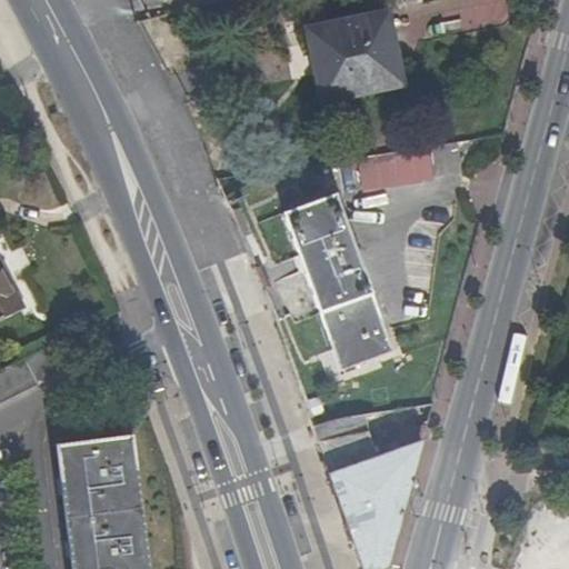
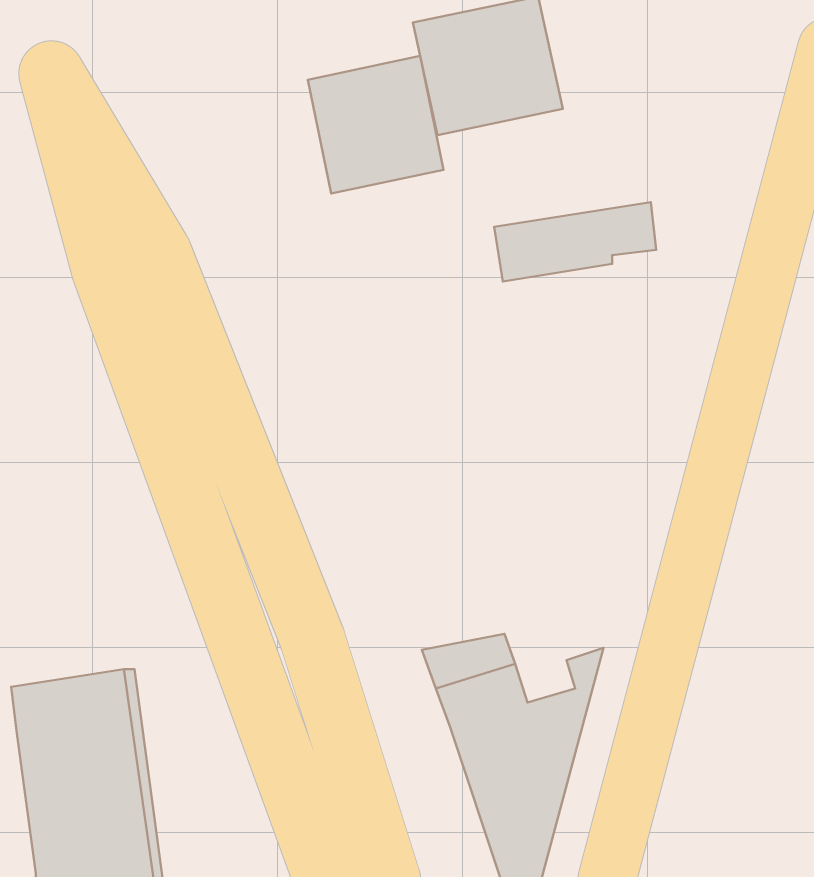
building: none -> [308,56,444,194]
building: [284,193,393,369] -> none

